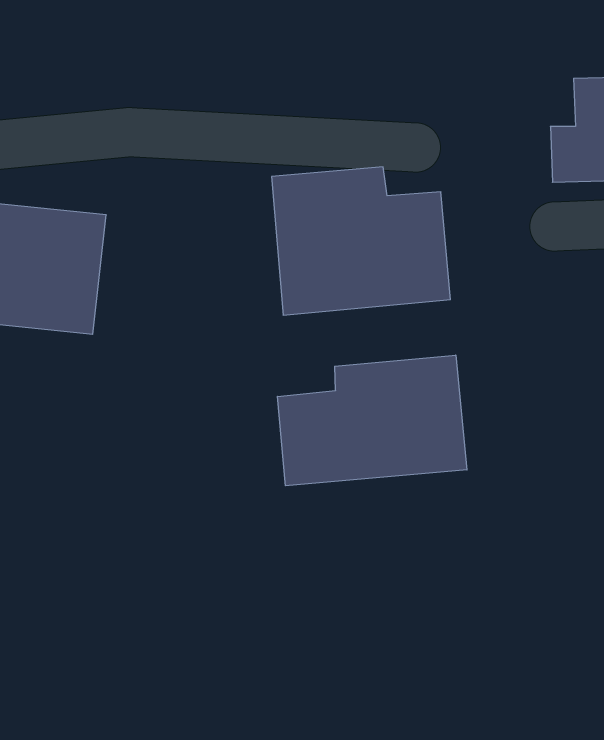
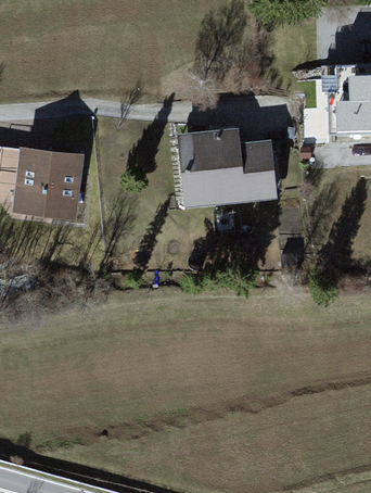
building: [277,355,467,486] -> none

